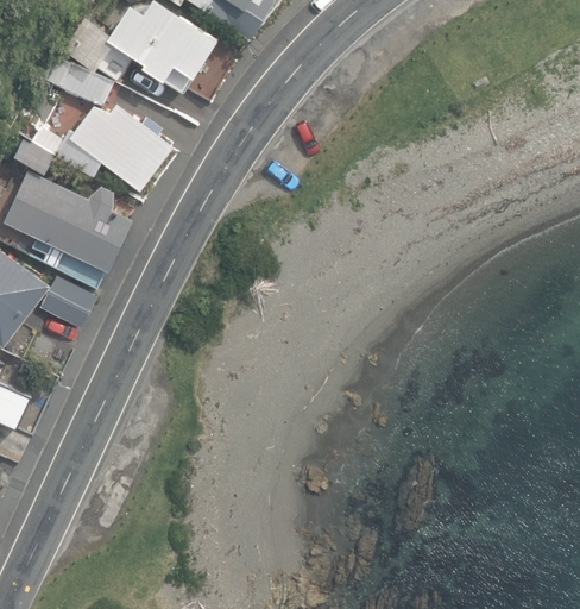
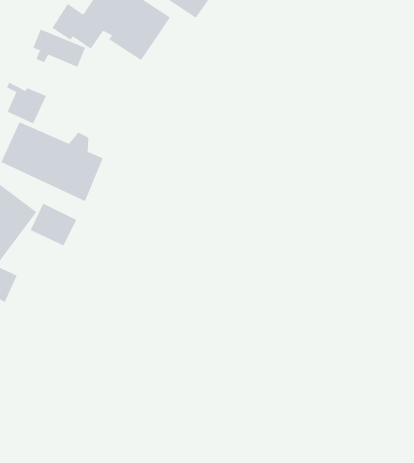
building: [71,109,170,188] -> none

